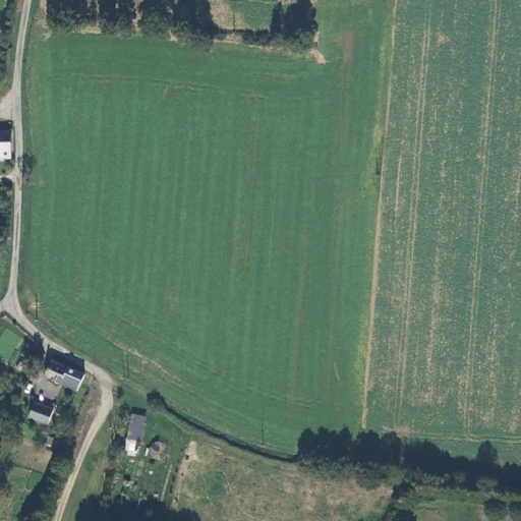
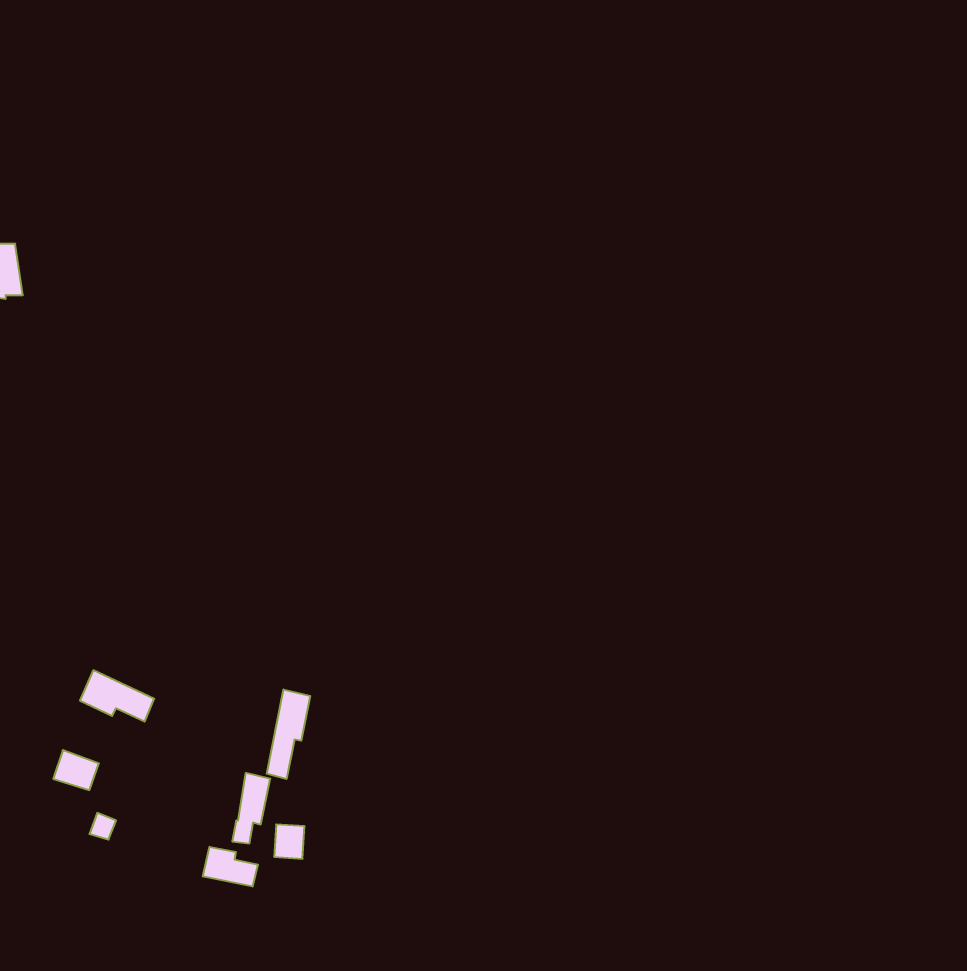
building: none -> [267,689,310,779]
building: none -> [203,847,258,887]

